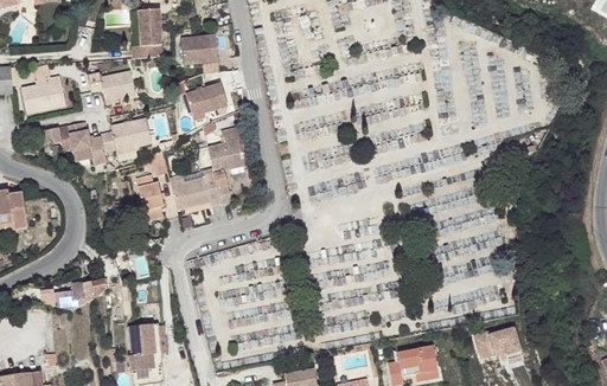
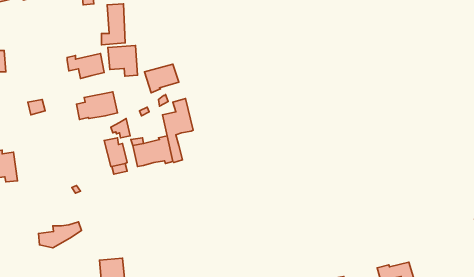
building: [181,34,218,72] -> [108,46,137,76]
building: [21,76,65,112] -> none
building: [68,121,107,165] -> none

